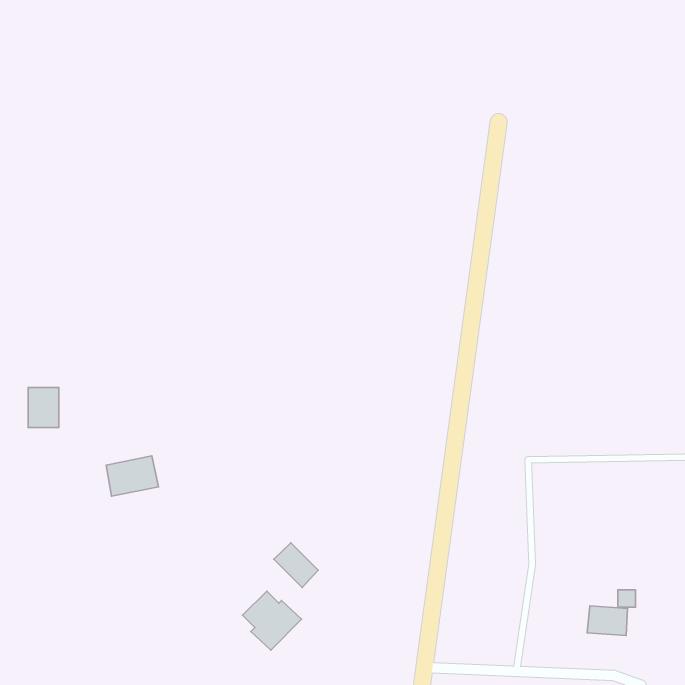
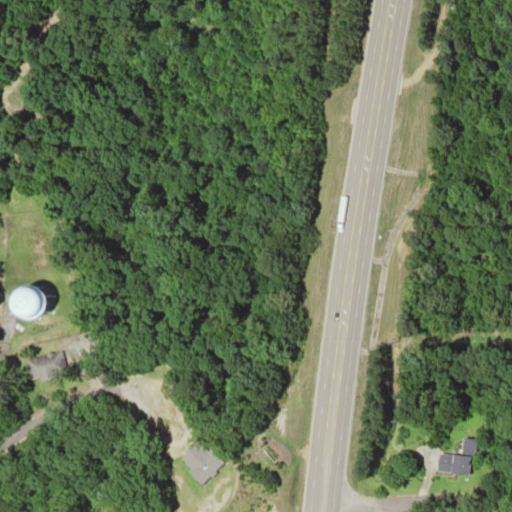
building: [106,456,158,496] -> [27,352,66,382]
building: [274,543,318,588] -> none

